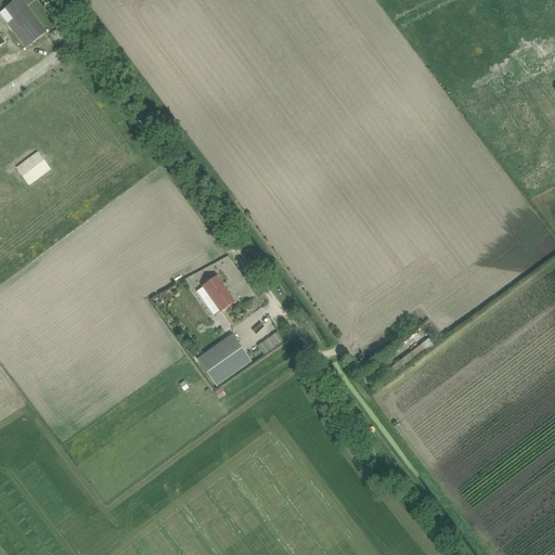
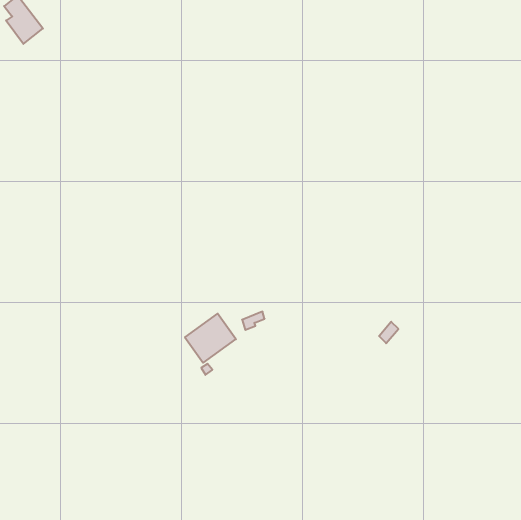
building: [202,275,233,313] -> none

